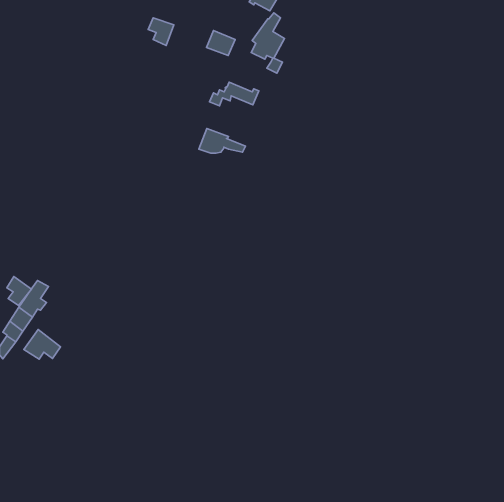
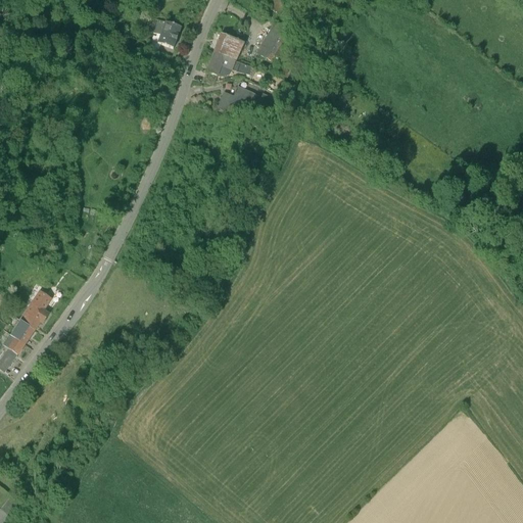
building: [199,129,245,153] -> [205,49,253,75]
building: [7,277,31,305] -> none
building: [24,330,60,359] -> none

